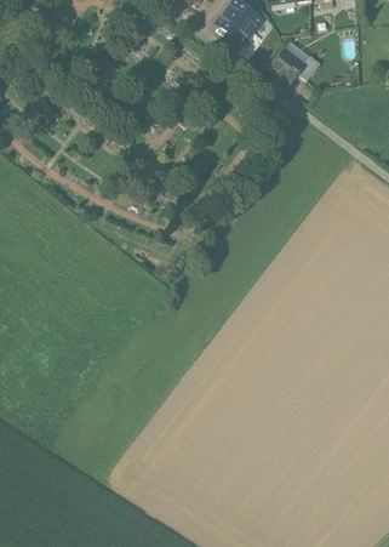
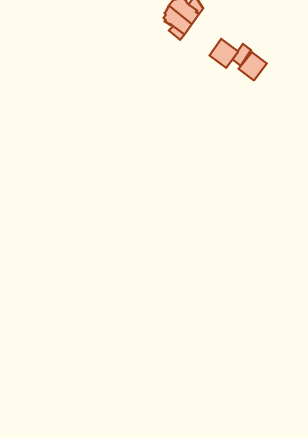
building: none -> [238,52,267,80]

